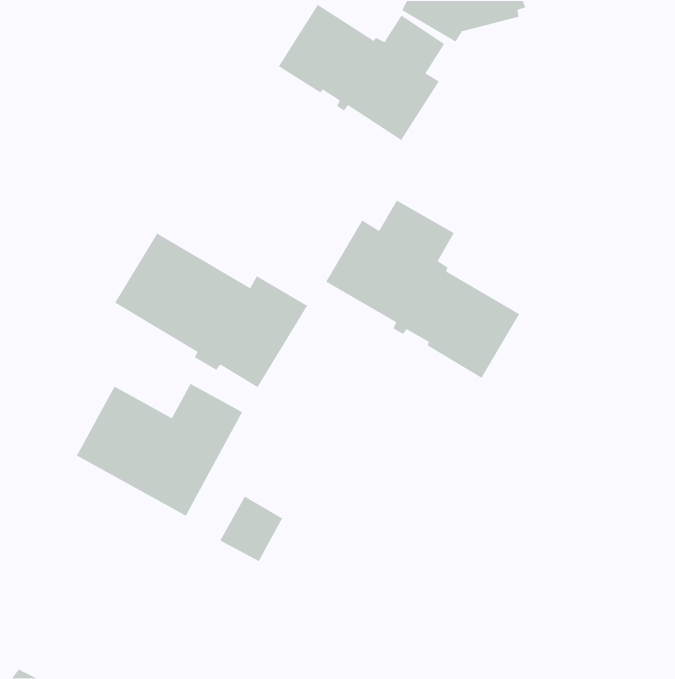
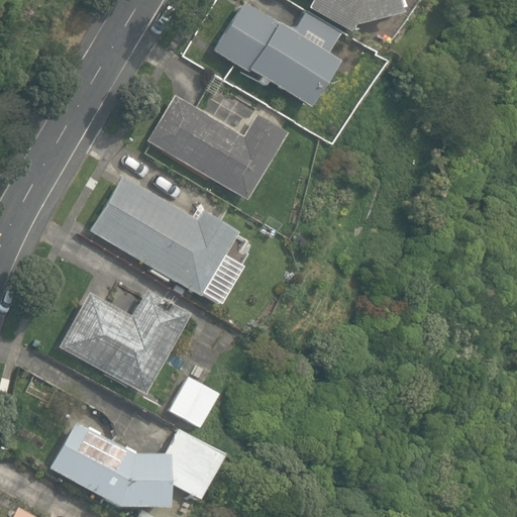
building: none -> [149,97,286,199]
building: [326,200,520,379] -> none
building: none -> [50,422,224,505]

